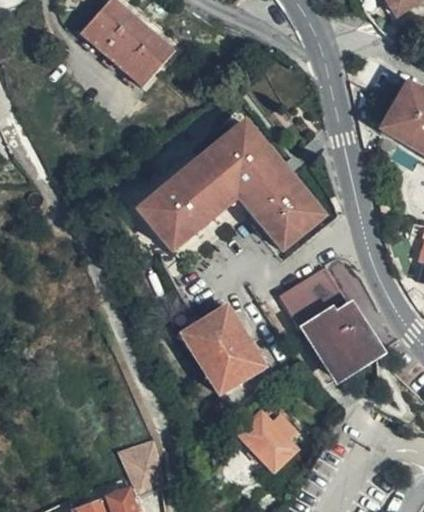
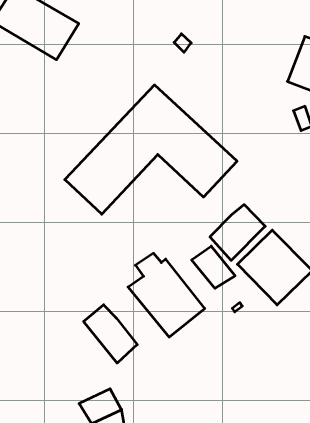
building: none -> [192,246,235,288]
building: none -> [84,305,137,363]
building: [237,406,297,465] -> none

